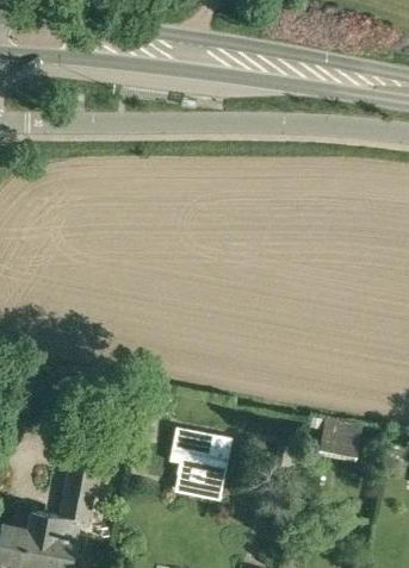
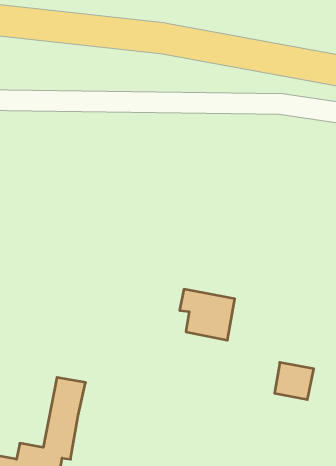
building: [169,431,231,488] -> [180,289,235,340]

